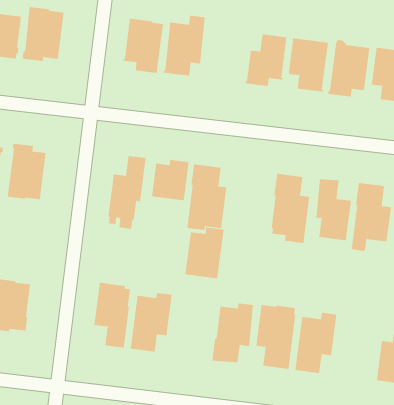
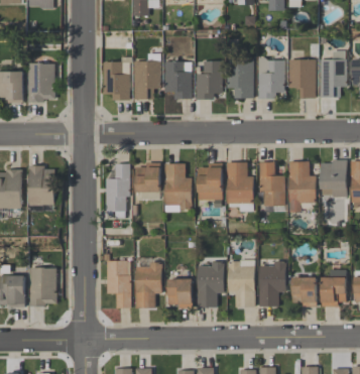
building: none -> [164,61,192,99]
building: [185,227,224,279] -> [198,162,223,200]
building: none -> [168,278,193,307]
building: none -> [292,277,316,306]

